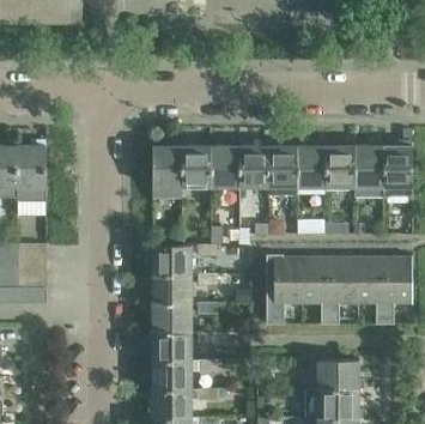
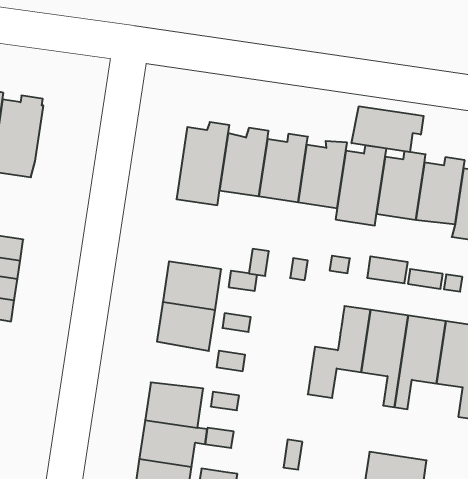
building: none -> [352,106,424,152]
building: [152,303,190,333] -> none

